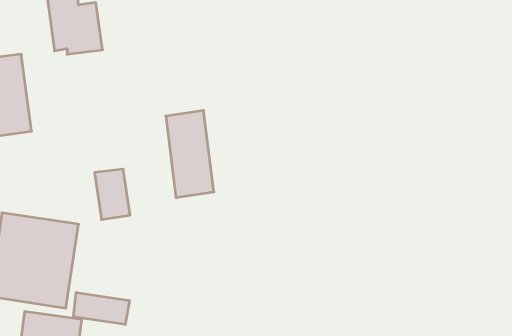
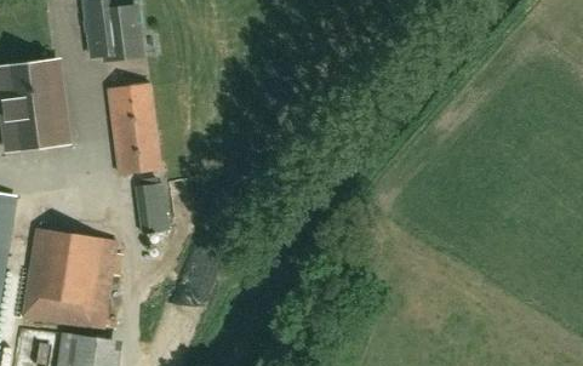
building: [166,110,214,198] -> [109,82,160,175]
building: [73,292,129,325] -> none

